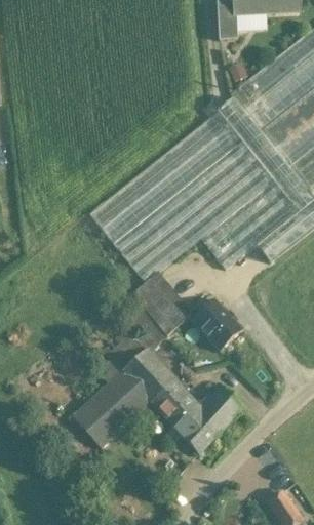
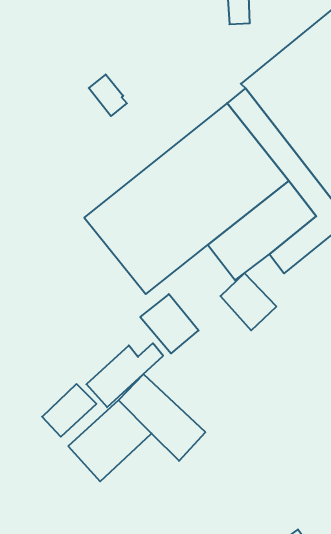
building: none -> [89,74,127,116]
building: [192,299,242,351] -> [220,273,276,330]
building: none -> [42,384,96,437]
building: [174,383,243,454] -> none

